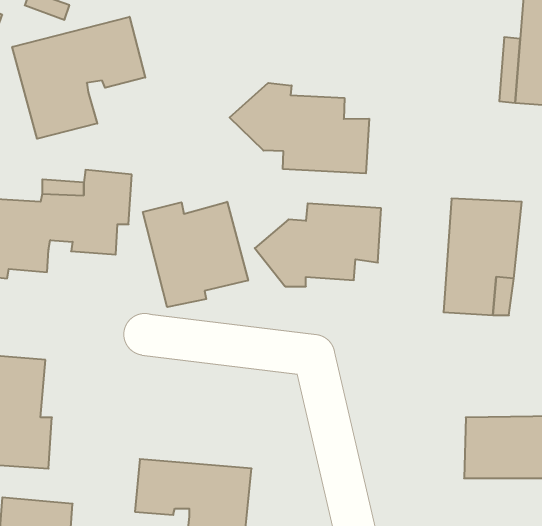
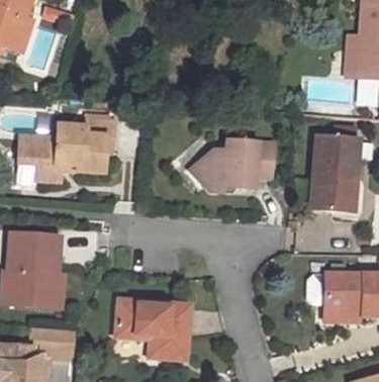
building: [12,17,145,139] -> none
building: [230,83,369,173] -> none
building: [143,202,248,307] -> none

